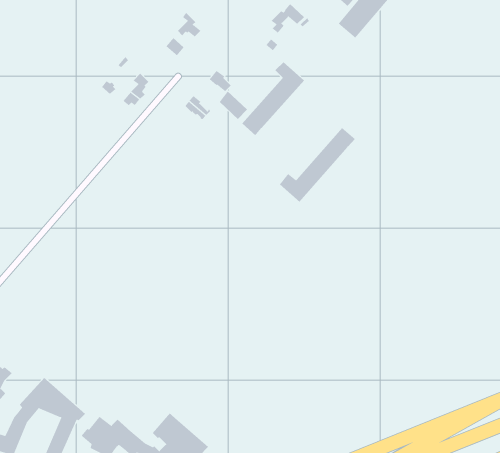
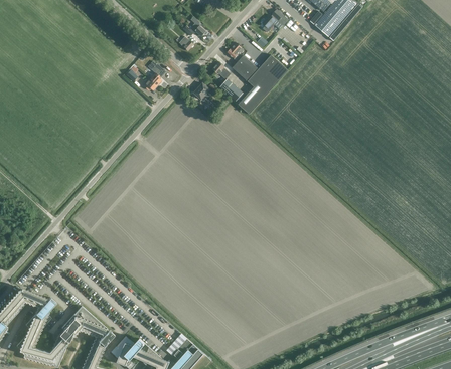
building: none -> [226,42,270,86]
building: [279,127,356,203] -> none

